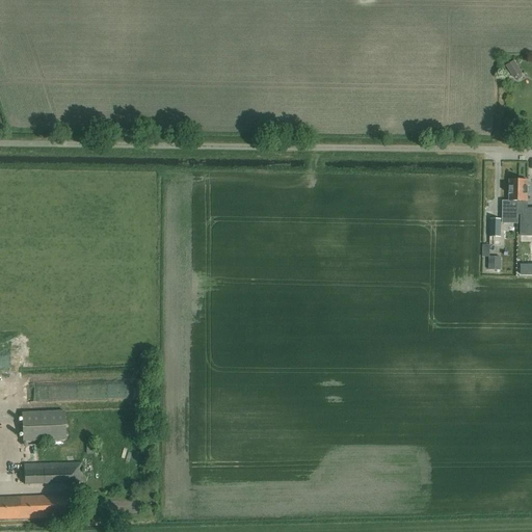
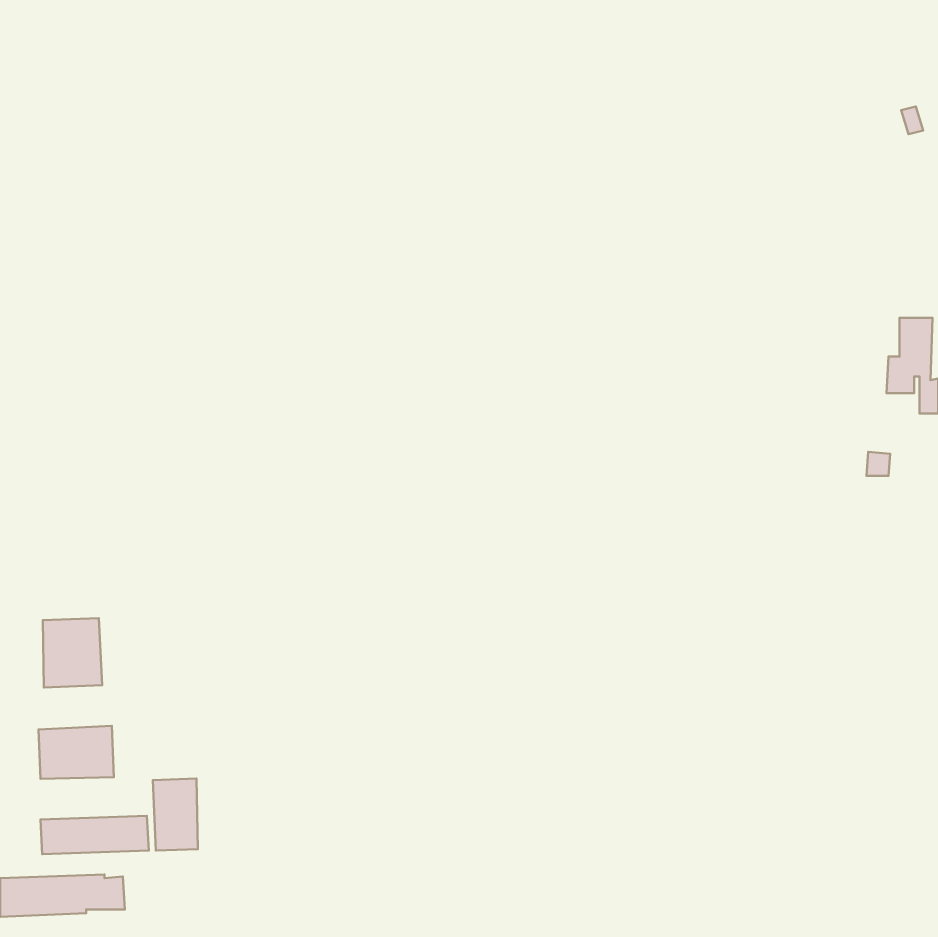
building: none -> [43,618,102,687]
building: none -> [153,779,198,851]

